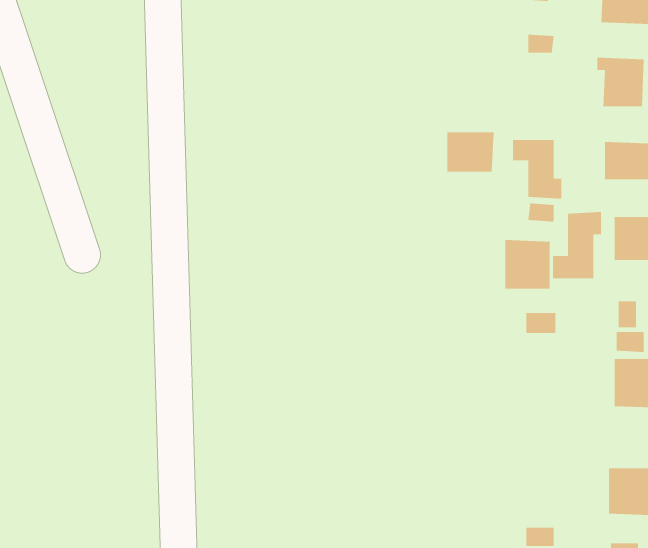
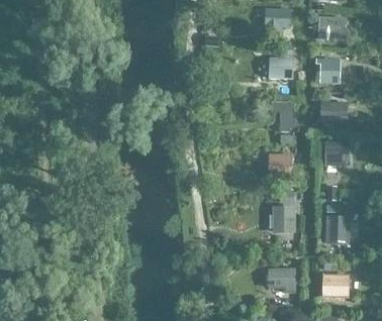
building: [447,132,495,172] -> [269,58,294,79]
building: [552,211,602,279] -> none
building: none -> [273,206,295,232]
building: none -> [268,269,296,296]

